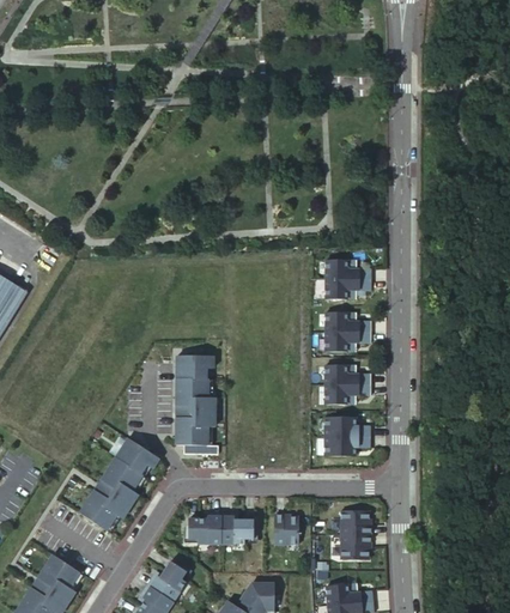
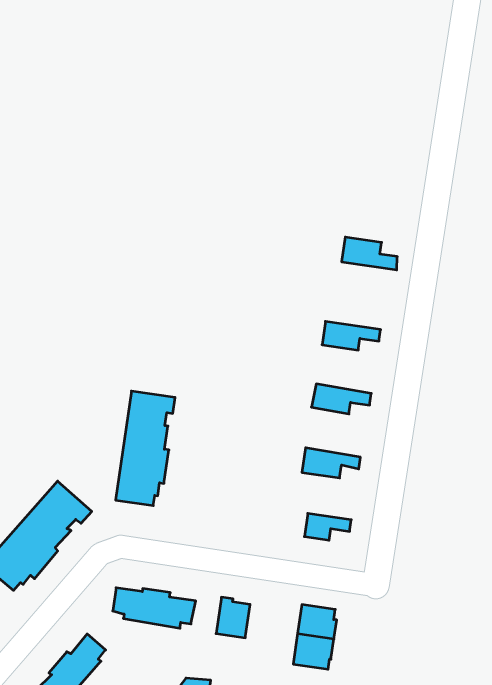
building: [326,259,371,279] -> [342,237,397,270]
building: [326,311,371,332] -> none
building: [324,364,370,384] -> none
building: [334,417,370,436] -> none

